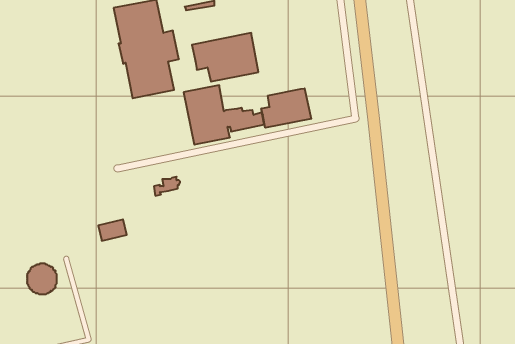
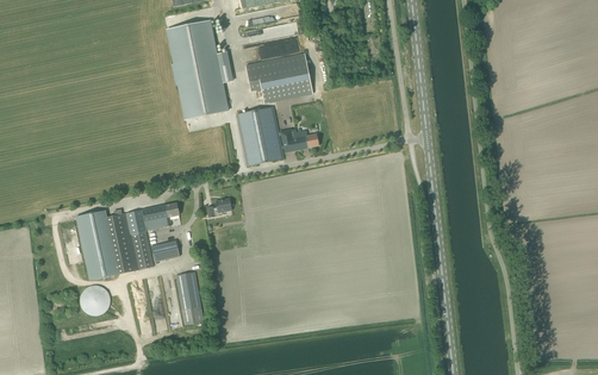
building: [261,88,311,128] -> none
building: none -> [76,202,179,280]
building: none -> [176,271,204,325]

